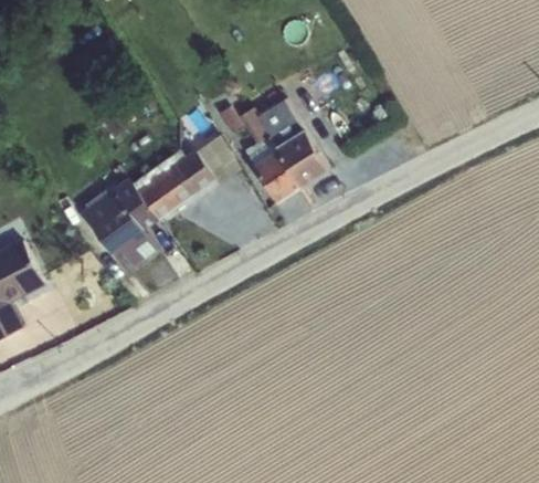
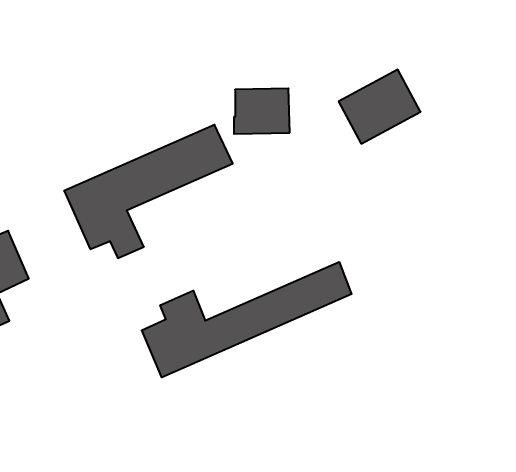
building: [250,132,329,203] -> [339,70,421,144]
building: none -> [142,262,352,377]

